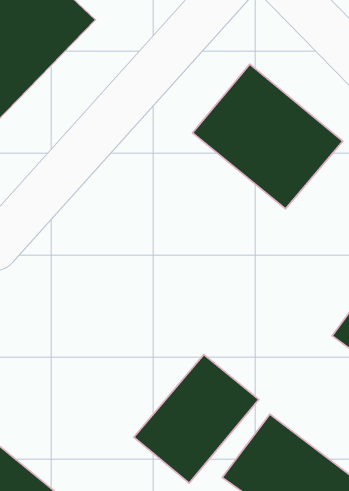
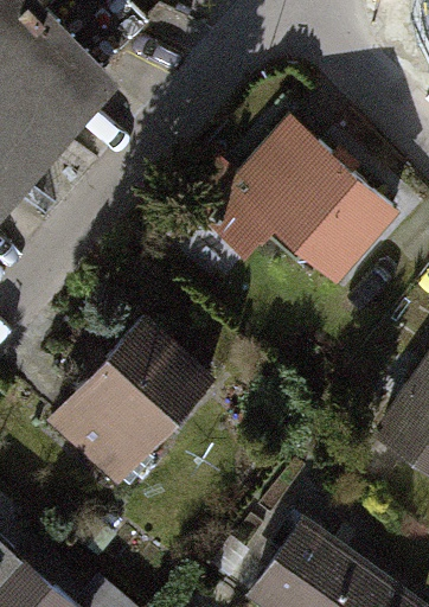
building: none -> [56,318,214,480]
building: [134,354,259,483] -> none

